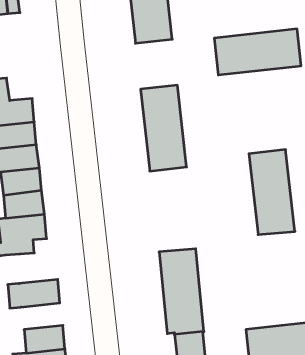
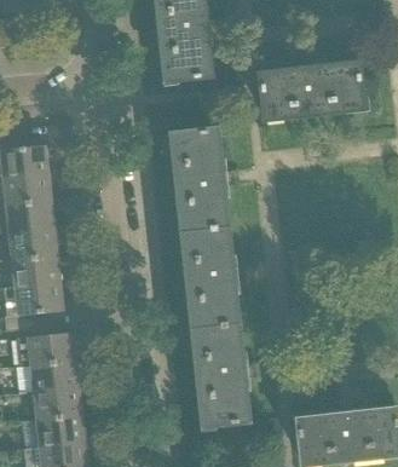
building: [249,150,295,235] -> [183,226,237,327]
building: none -> [11,331,74,365]
building: none -> [30,387,80,419]

